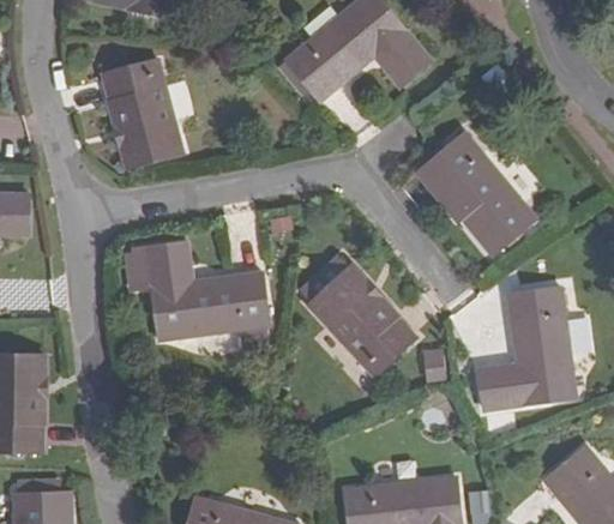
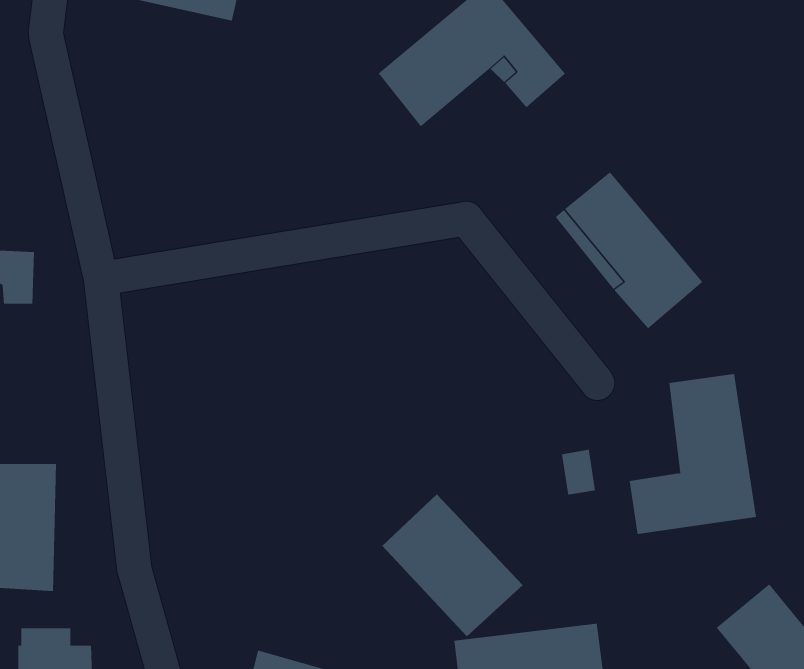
building: [101,60,181,167] -> none
building: [126,242,267,348] -> none
building: [308,265,416,374] -> [381,494,524,637]

